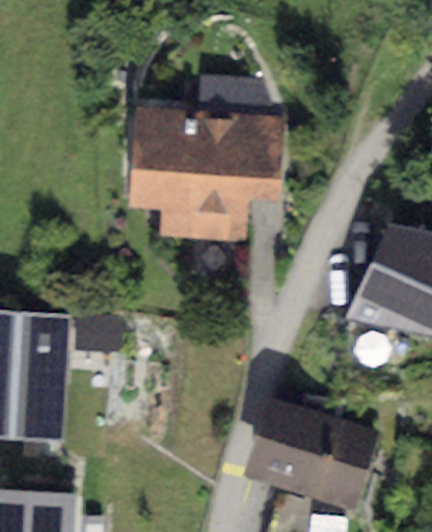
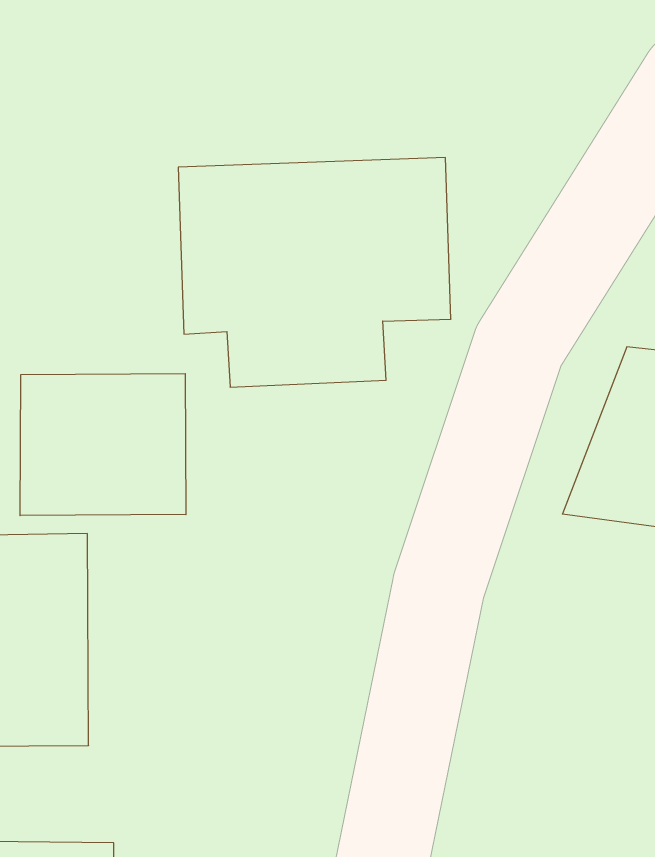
building: none -> [20,374,186,516]
building: [249,400,380,511] -> none

